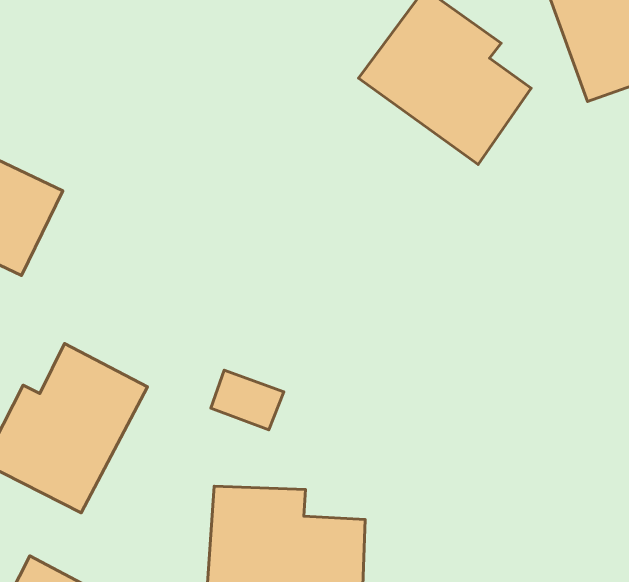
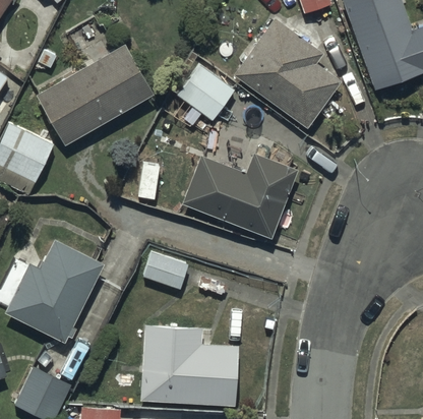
building: none -> [36,44,154,144]
building: none -> [178,67,233,130]
building: none -> [182,153,297,237]

